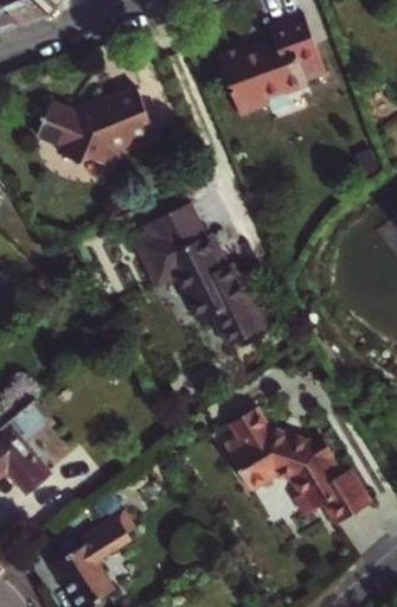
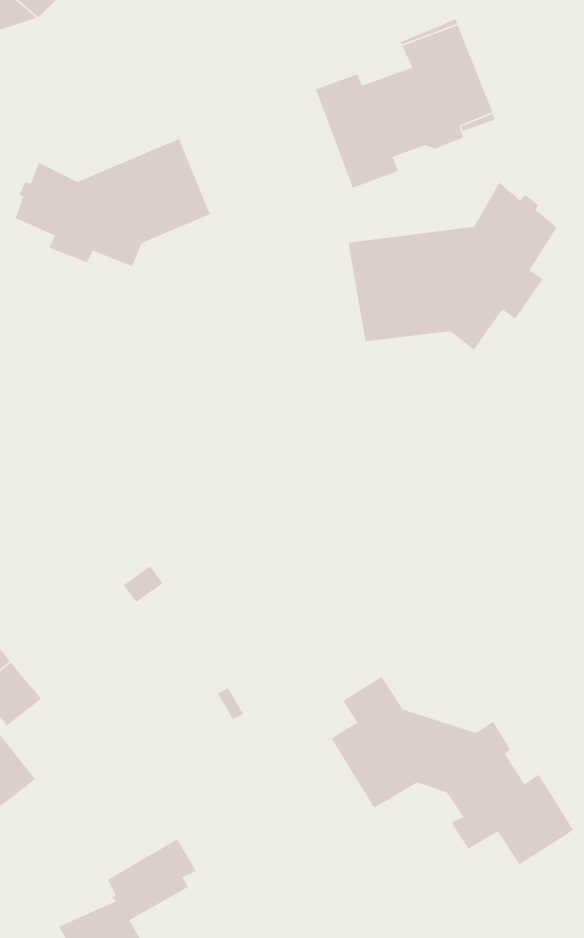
building: none -> [347,181,558,351]
building: [136,203,271,345] -> none

